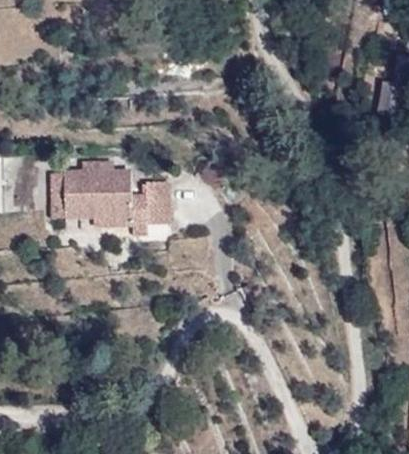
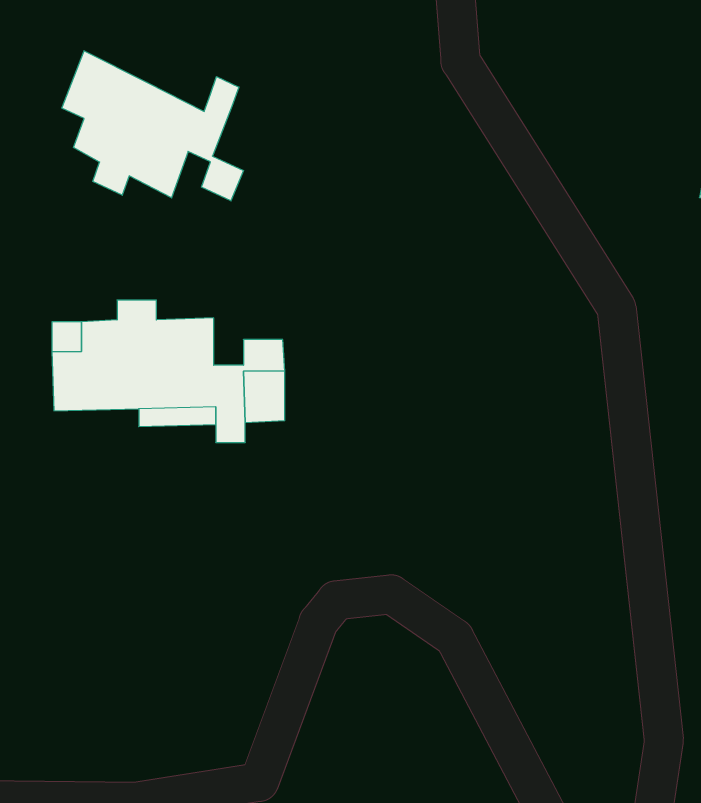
building: none -> [62,51,244,201]

